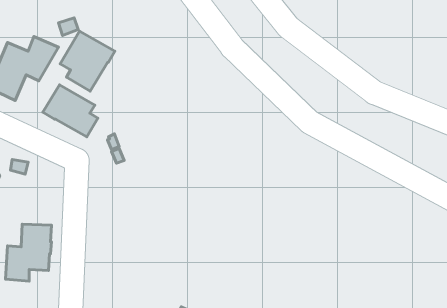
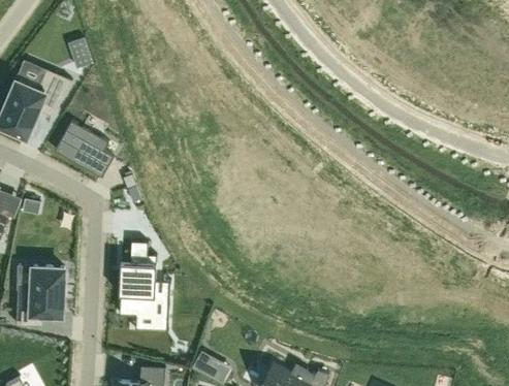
building: [60,31,115,91] -> none
building: none -> [119,242,156,316]

